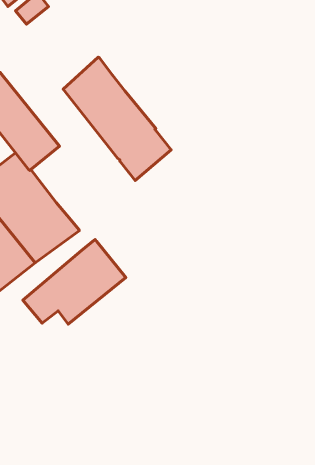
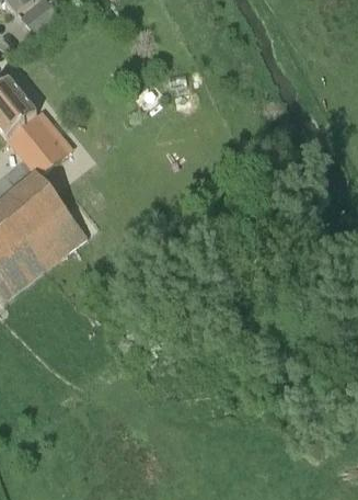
building: [63,57,171,180] -> none
building: [23,240,126,324] -> none

